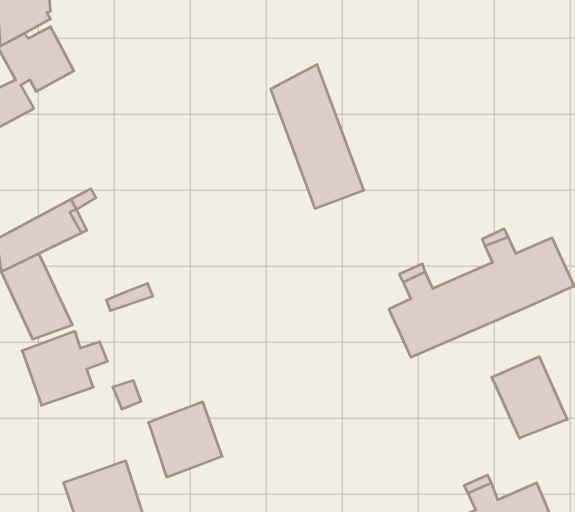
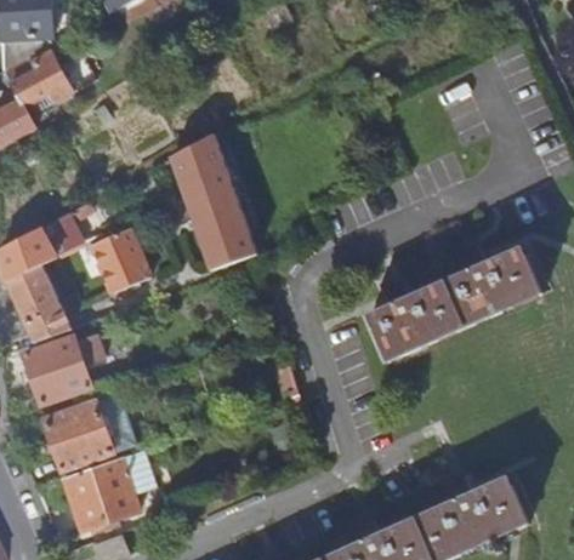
building: [271,65,364,208] -> [170,135,257,269]
building: none -> [91,228,147,291]
building: [492,357,567,438] -> none
building: [148,402,222,477] -> [44,401,113,472]

